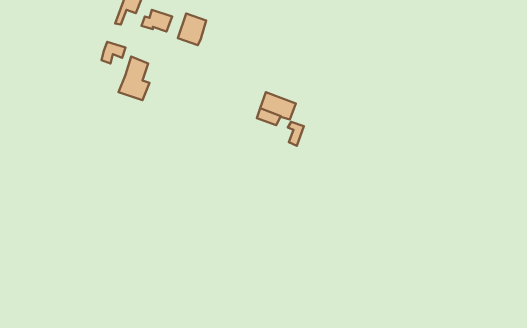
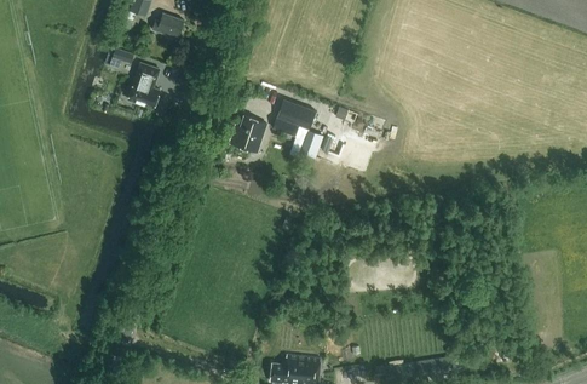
building: [178,13,206,45] -> none
building: none -> [230,115,266,151]

